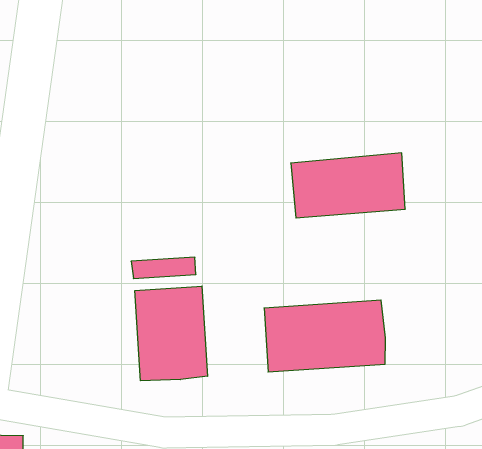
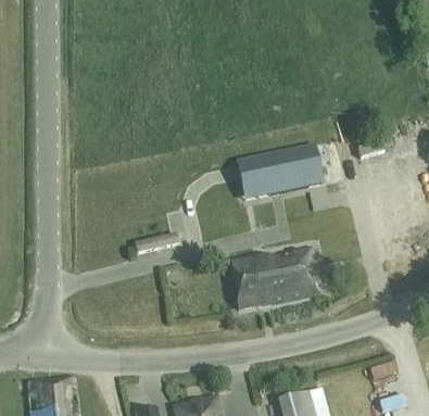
building: [135,286,208,381] -> none

